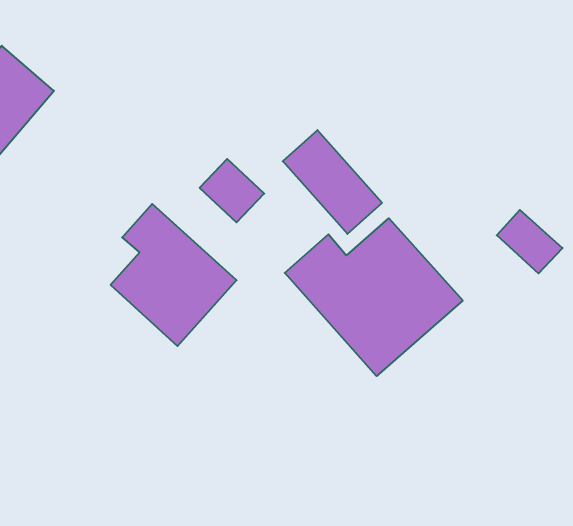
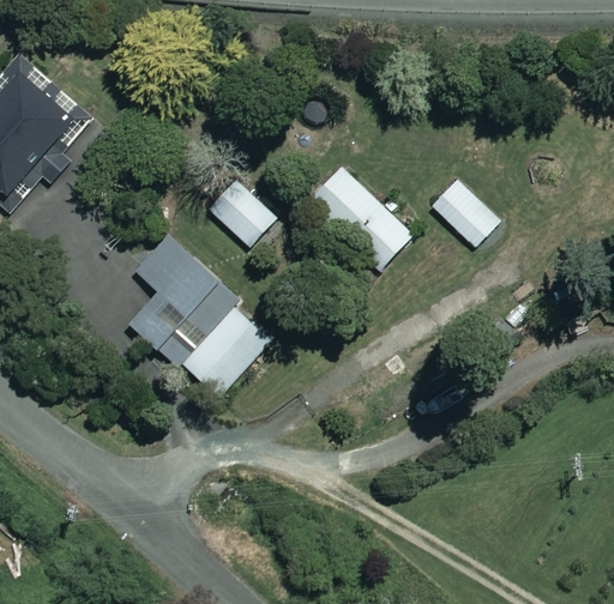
building: [497,210,563,273] -> [433,180,501,246]
building: [285,218,463,376] -> none

